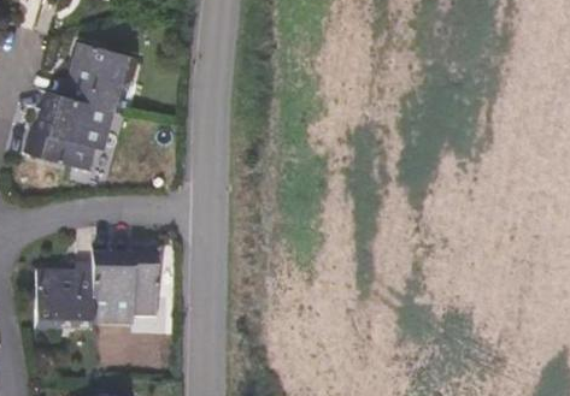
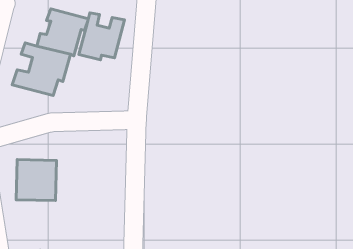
building: none -> [79,13,125,60]
building: [93,254,157,325] -> none

